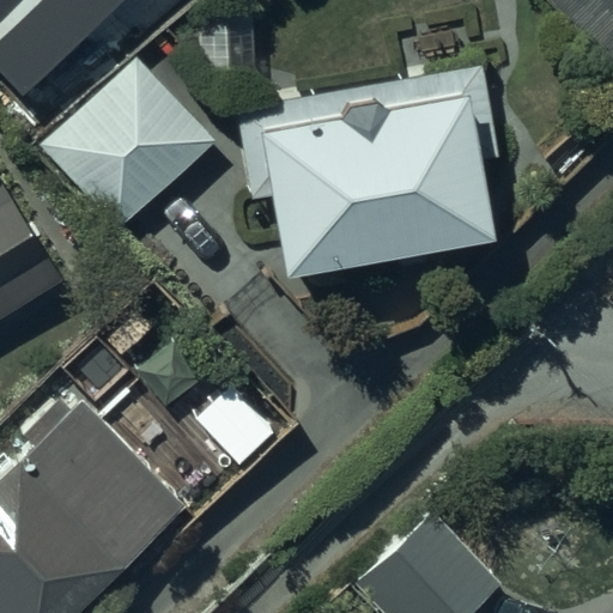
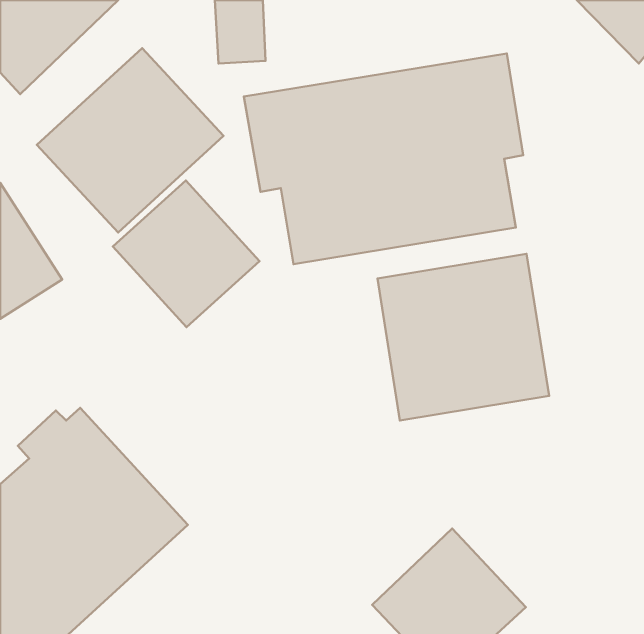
building: none -> [113,181,259,327]
building: none -> [377,254,549,420]

